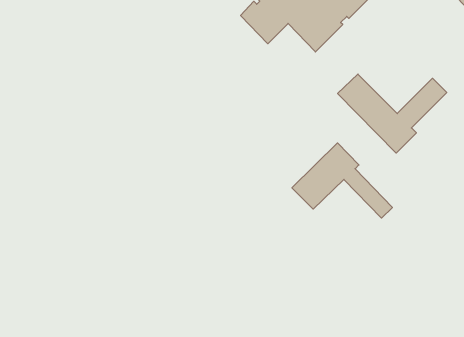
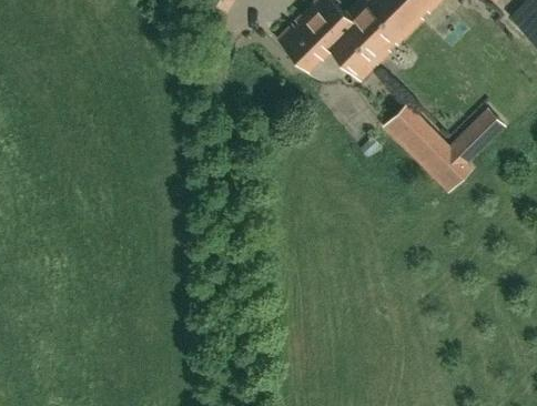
building: [292,143,392,218] -> none

